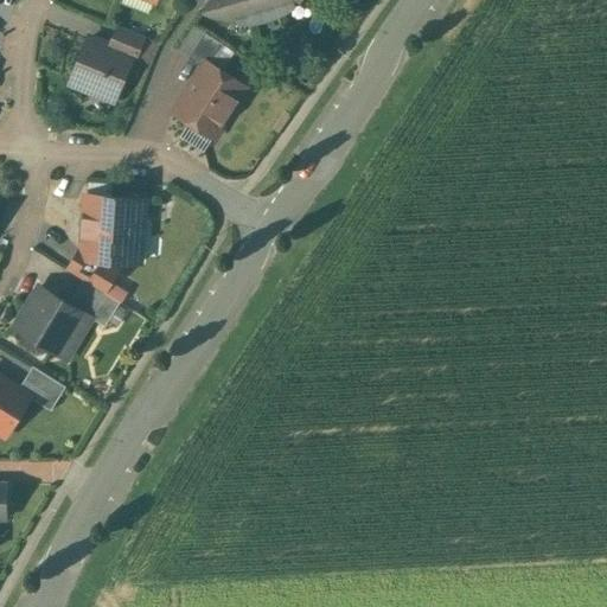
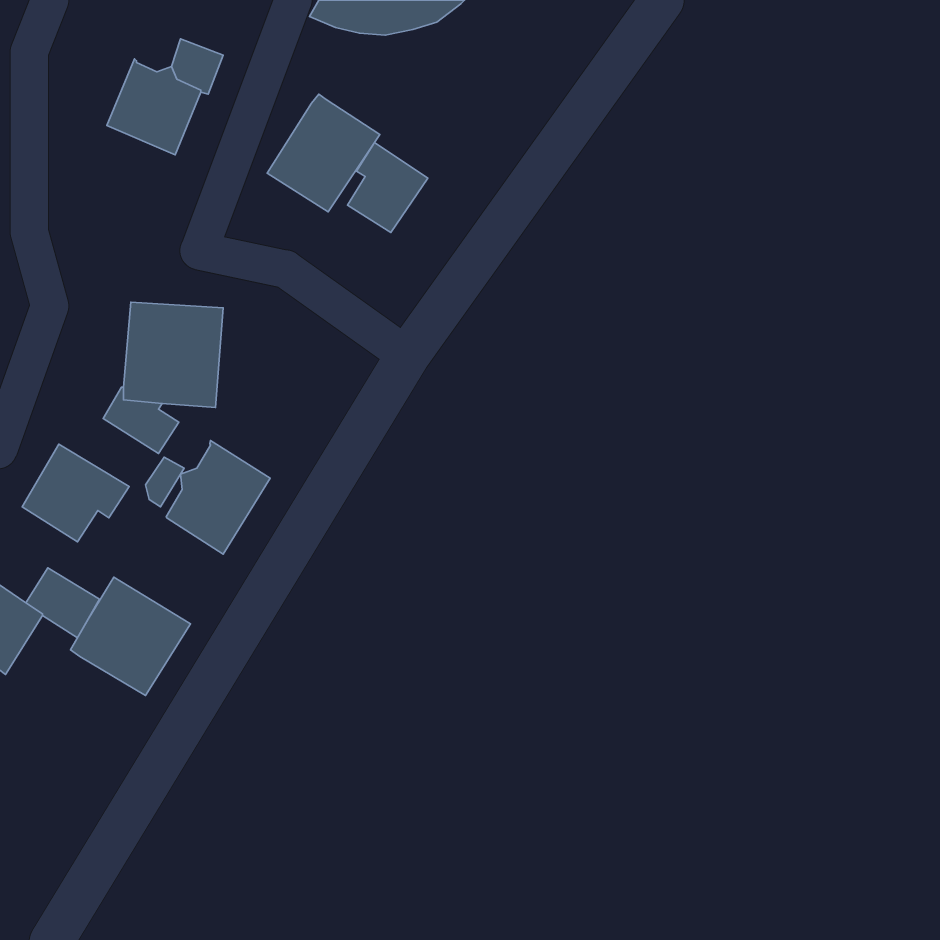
building: [186,32,223,68] -> none
building: none -> [347,143,428,232]
building: none -> [166,441,270,554]
building: none -> [70,577,190,695]

